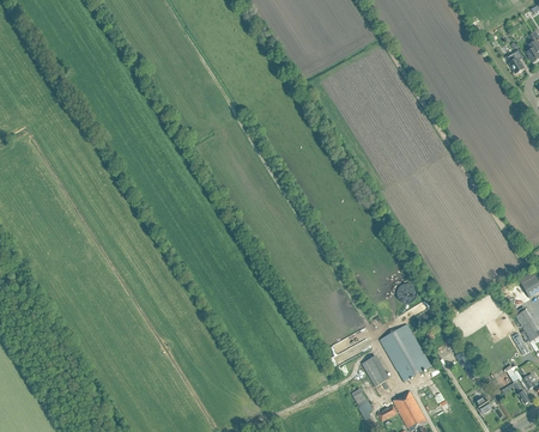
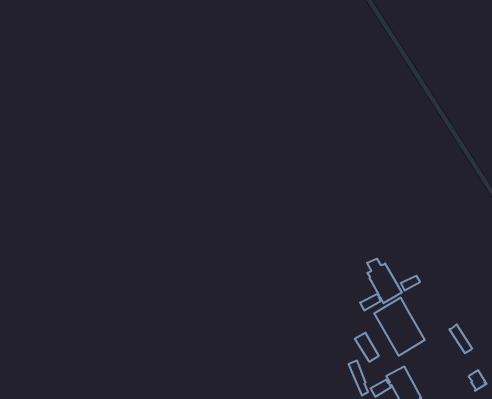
building: none -> [360,259,402,311]

